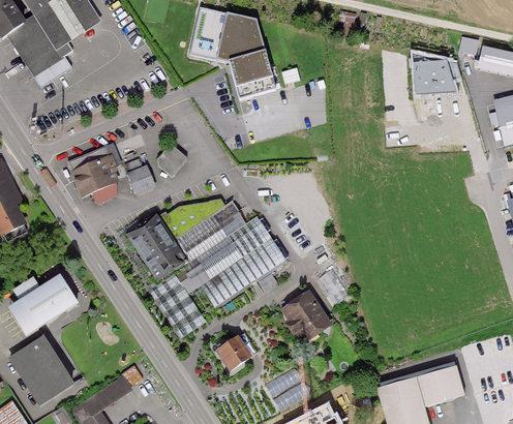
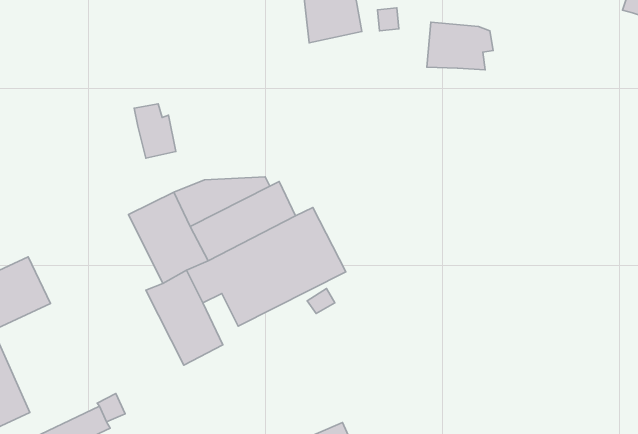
building: [414,63,460,96] -> [427,22,493,70]
building: [158,143,189,175] -> none
building: [64,145,124,206] -> none
building: [278,287,333,344] -> none
building: [215,331,255,369] -> none

